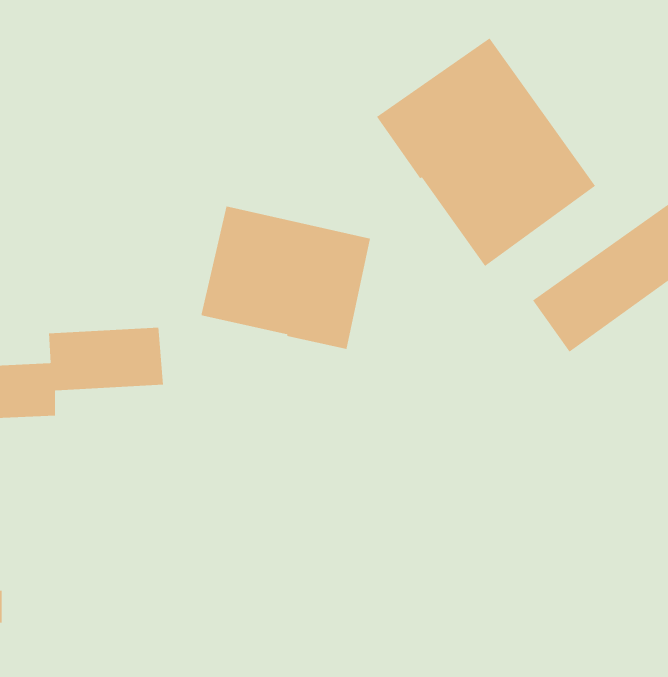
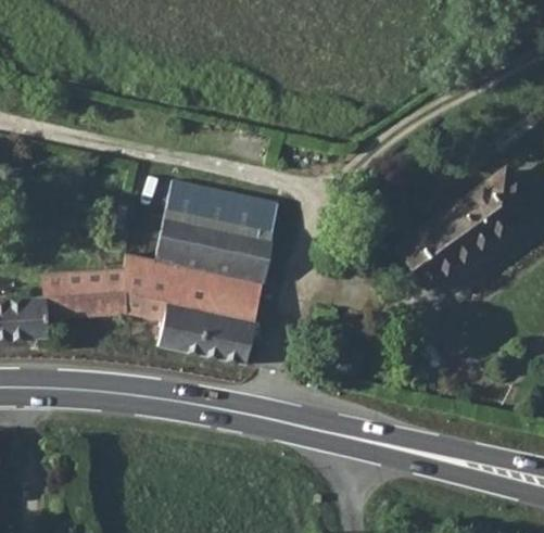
building: [376,37,596,266] -> none
building: none -> [124,252,262,359]

